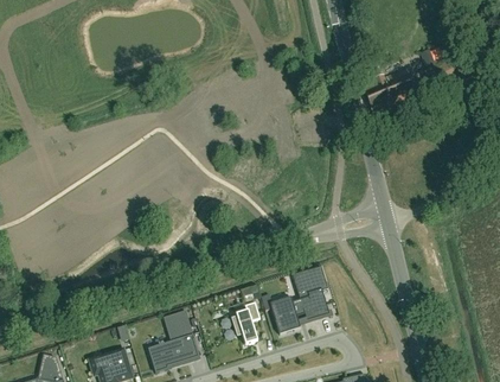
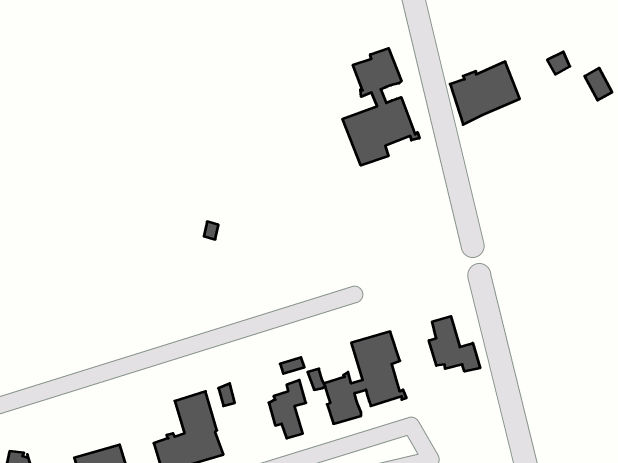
building: none -> [343,48,419,165]
building: none -> [429,316,480,371]

